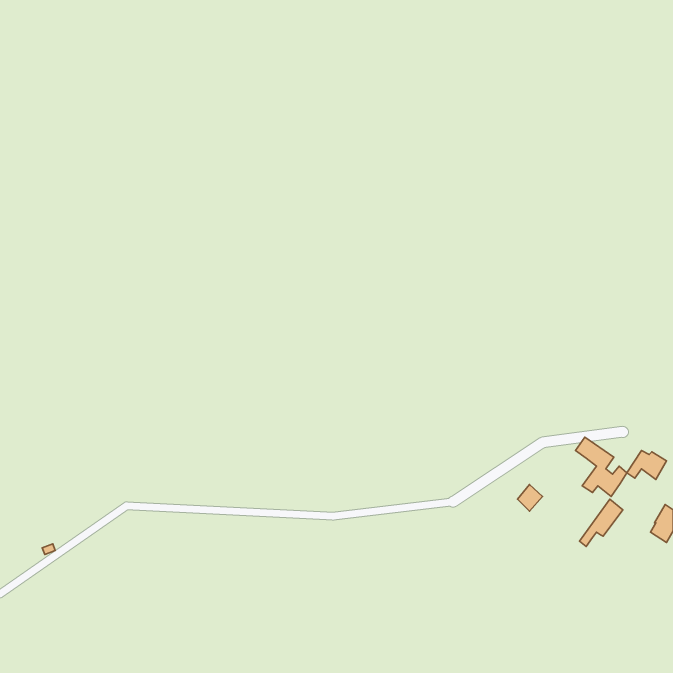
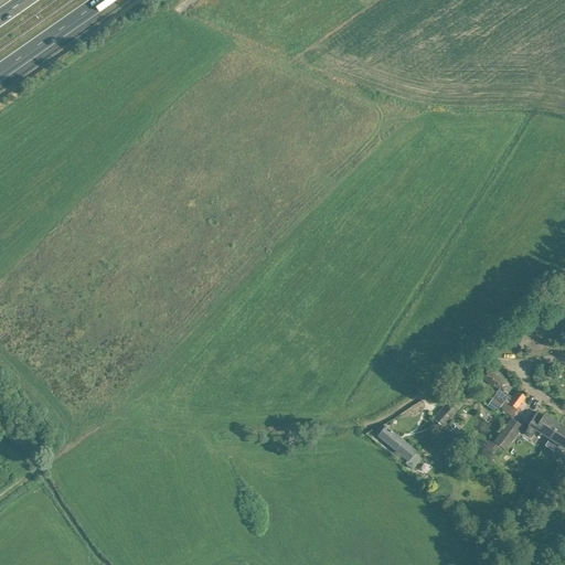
building: [627,450,666,479] -> [524,414,557,438]
building: none -> [379,426,422,470]

